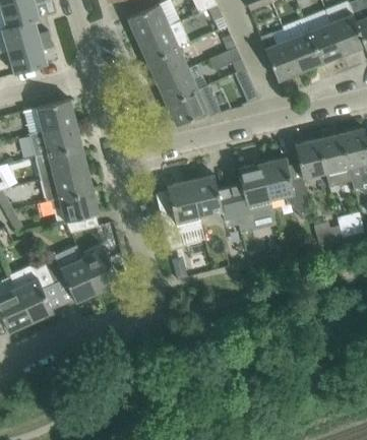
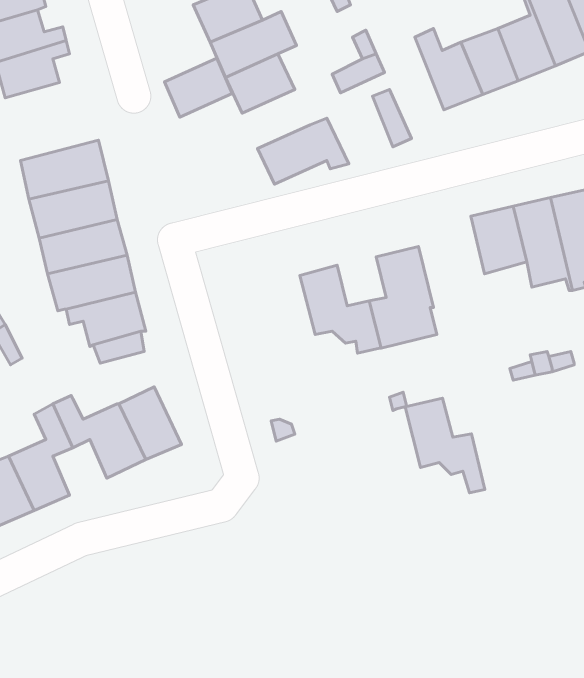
building: [157,68,197,104] -> [164,58,232,117]
building: [262,158,310,214] -> [405,398,485,493]
building: [161,180,201,242] -> none

